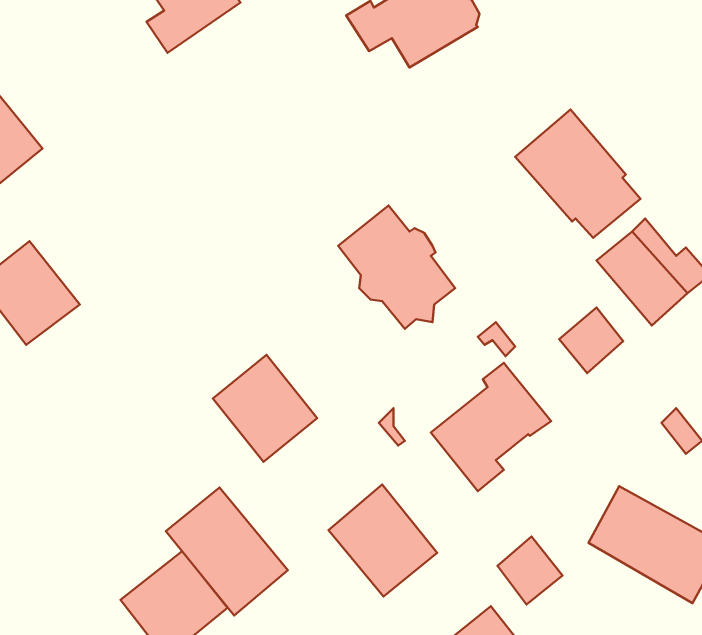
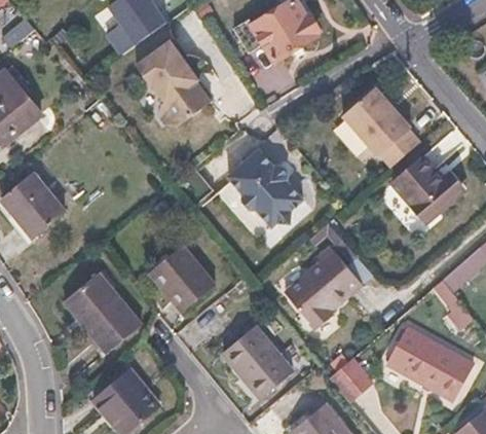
building: none -> [137,41,211,125]
building: [559,307,623,373] -> none
building: [166,487,288,616] -> [63,272,140,353]

